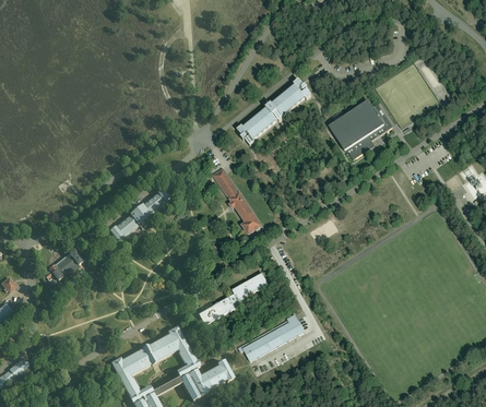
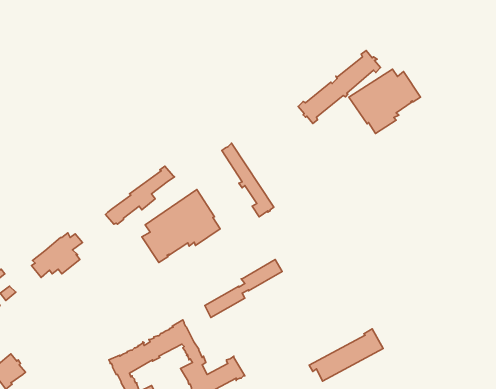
building: [236,79,310,144] -> [298,51,381,123]
building: none -> [142,189,220,263]
building: [237,313,304,360] -> [309,329,383,381]

